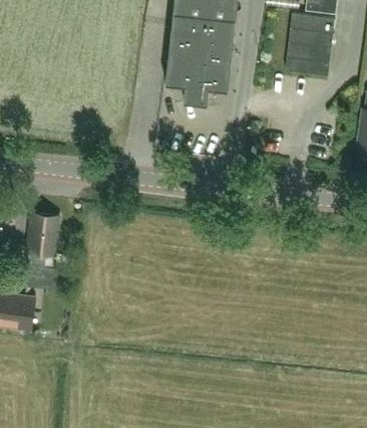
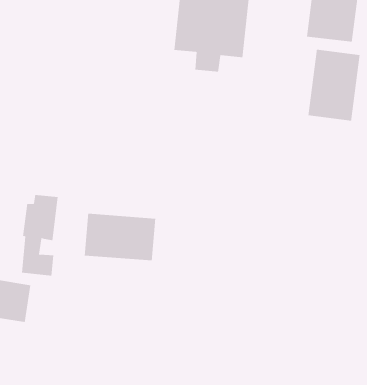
building: none -> [308,49,360,122]
building: none -> [84,213,156,261]

